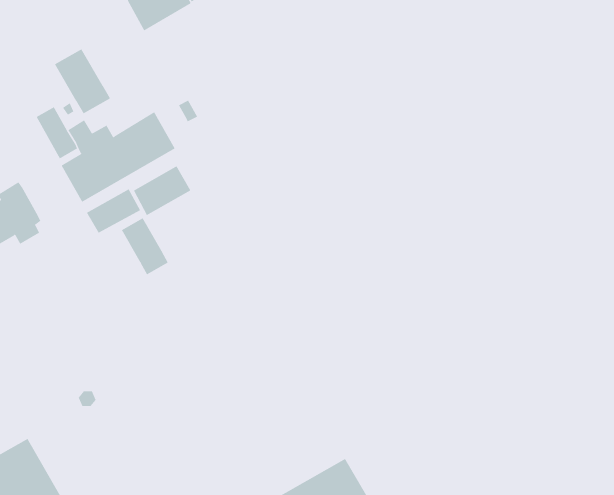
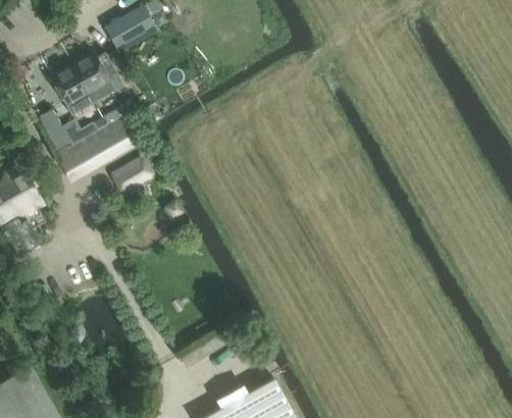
building: none -> [69,51,122,102]
building: [86,189,141,233] -> none
building: [121,217,169,275] -> none

